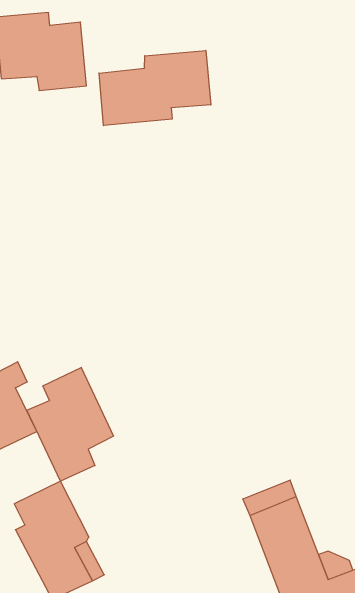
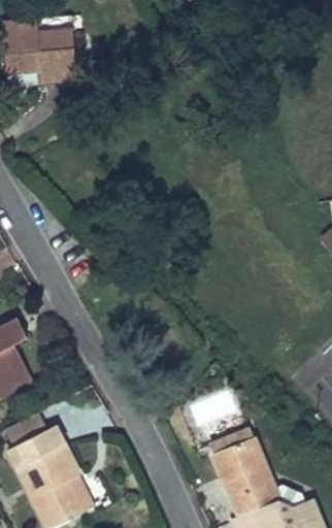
building: [99,50,211,126] -> none
building: [27,367,113,481] -> none

